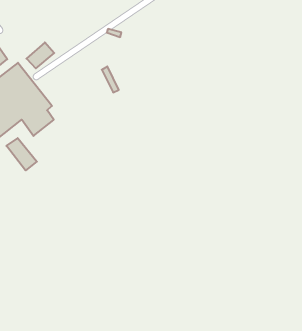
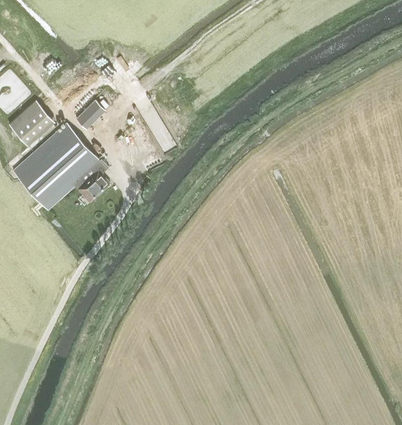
building: [6,138,37,170] -> none

